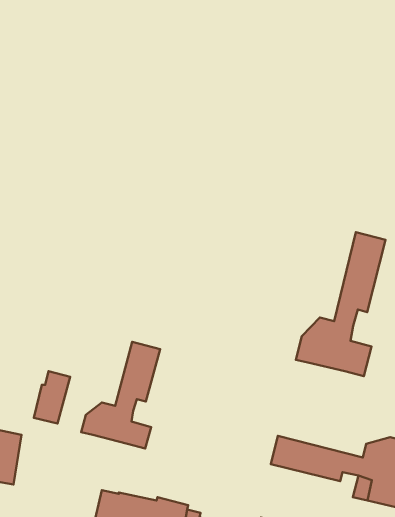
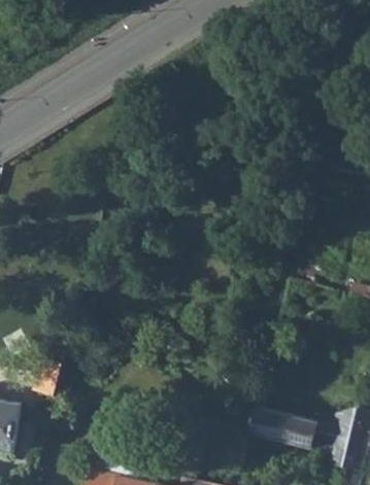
building: [296,232,386,376] -> none
building: [81,342,160,449] -> none

